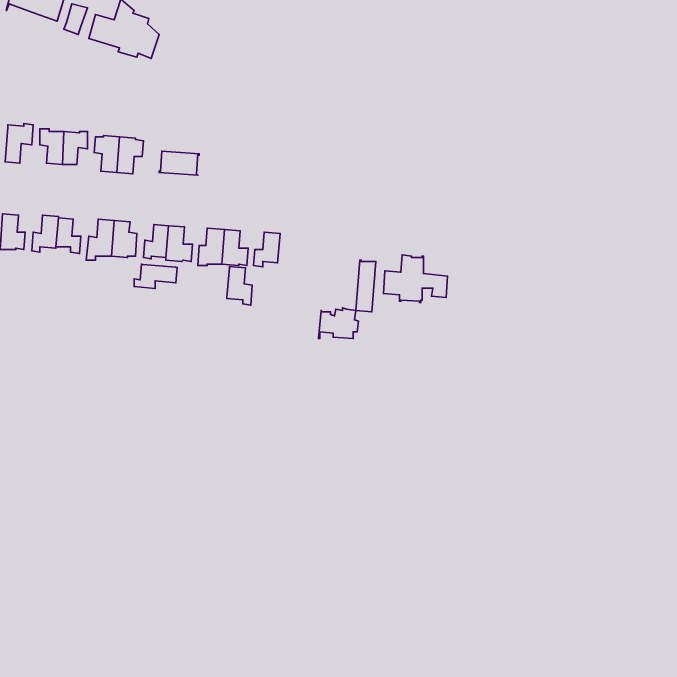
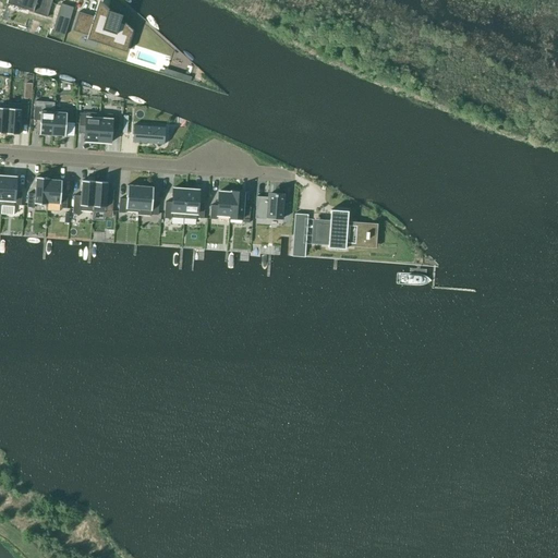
building: [134,264,177,289] -> none
building: [227,267,252,305] -> [228,191,248,222]
building: [319,308,358,338] -> [253,193,286,218]

